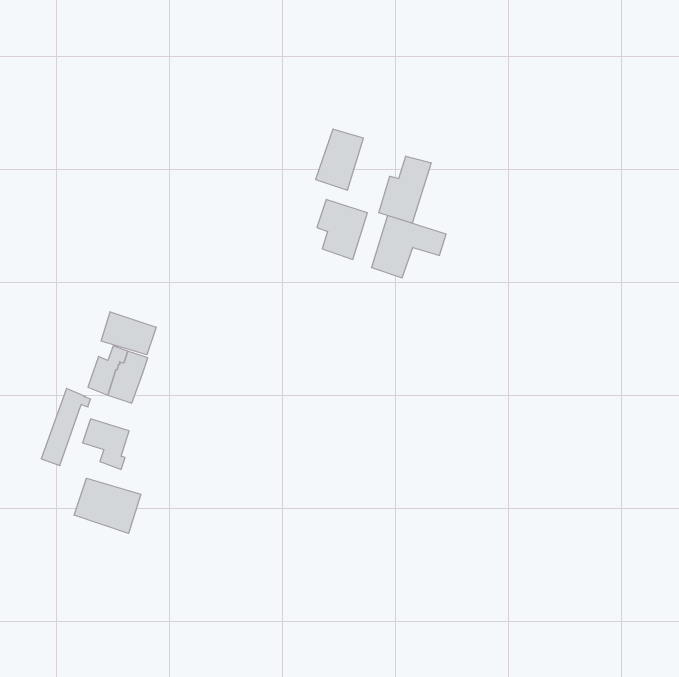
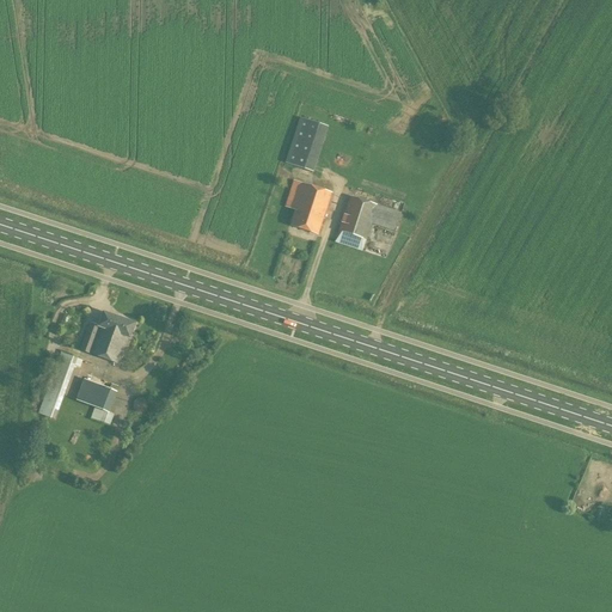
building: [379,156,431,223] -> none
building: [101,312,156,355] -> none
building: [74,478,141,533] -> none

